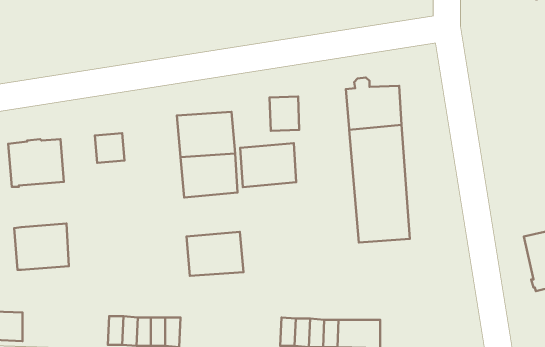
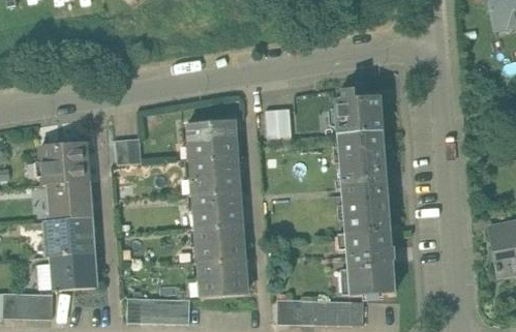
building: [240,143,296,187] -> [192,190,241,229]
building: none -> [49,181,90,220]
building: none -> [344,231,394,296]
building: none -> [38,254,95,291]
building: none -> [198,260,245,298]

